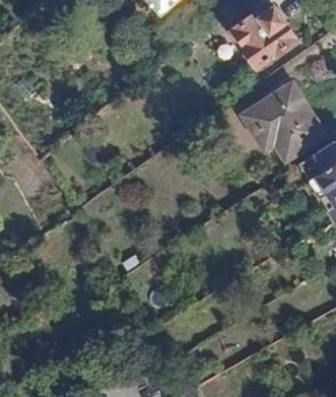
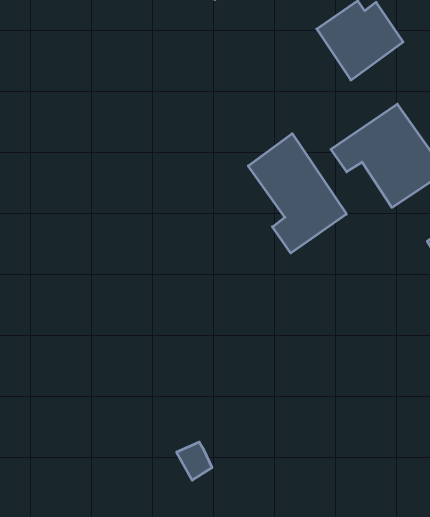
building: none -> [248,134,346,253]

